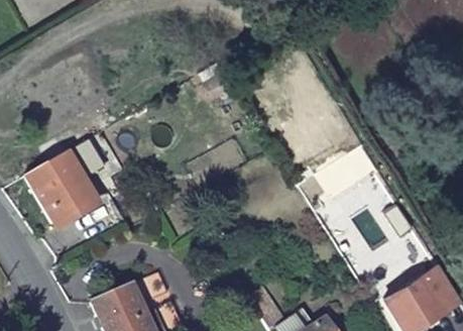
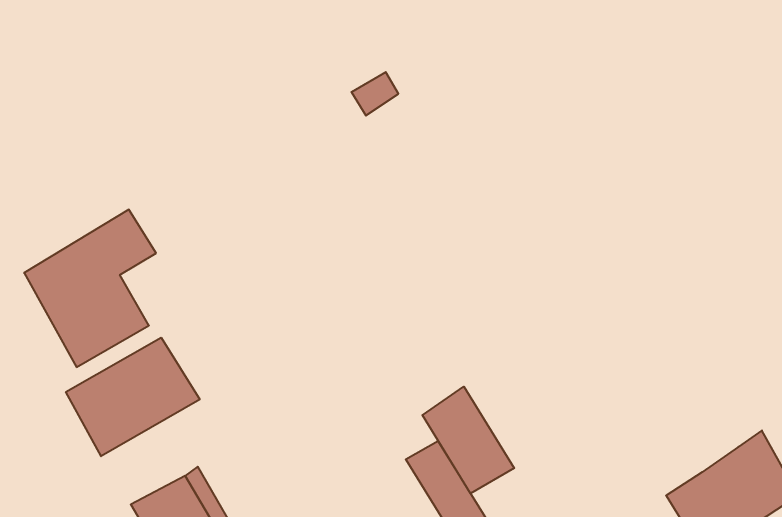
building: none -> [66,338,200,456]
building: none -> [422,387,514,494]

